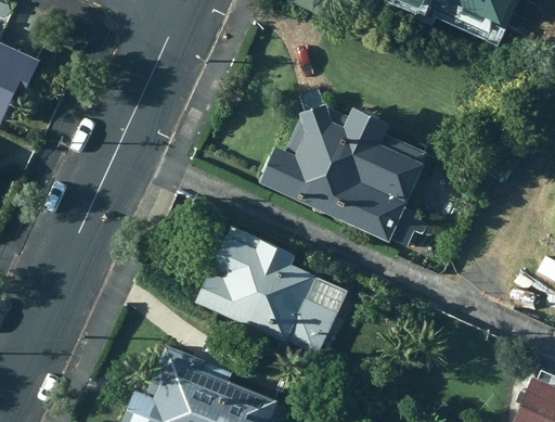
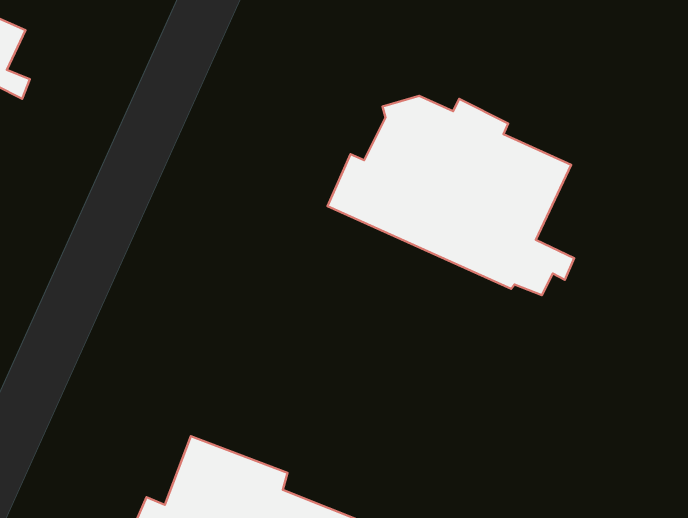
building: [193,227,341,356] -> none

